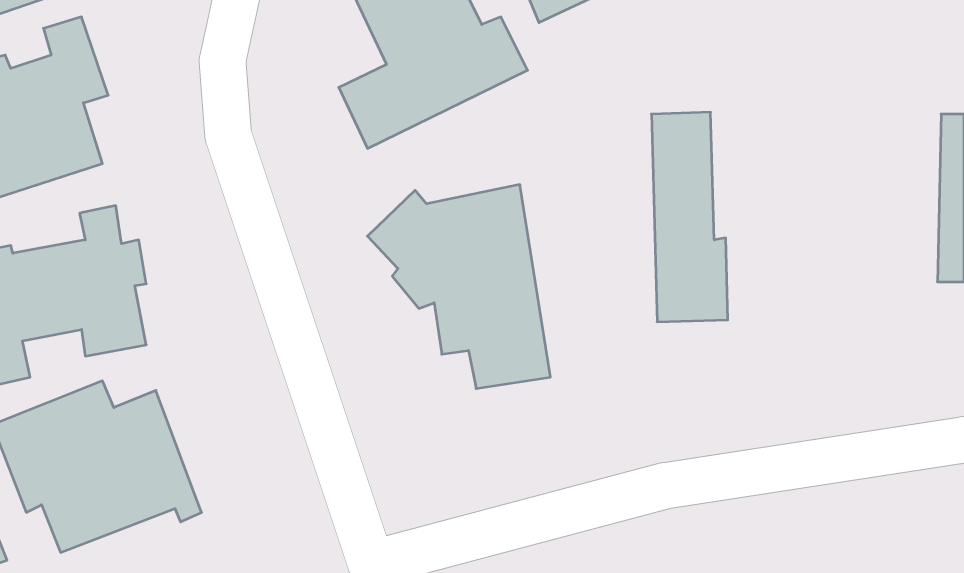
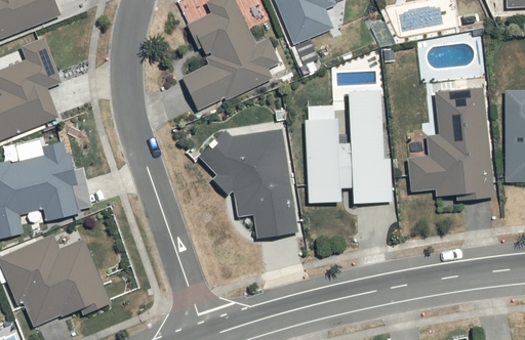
building: none -> [409,88,490,198]
building: none -> [305,102,350,203]

